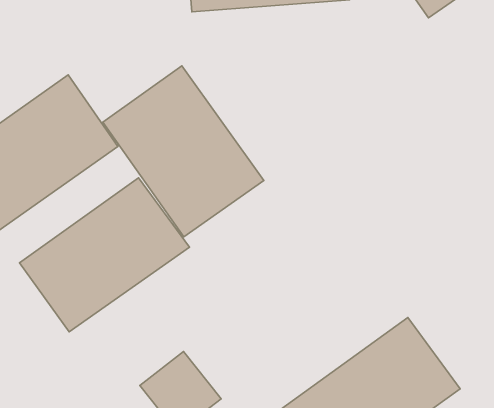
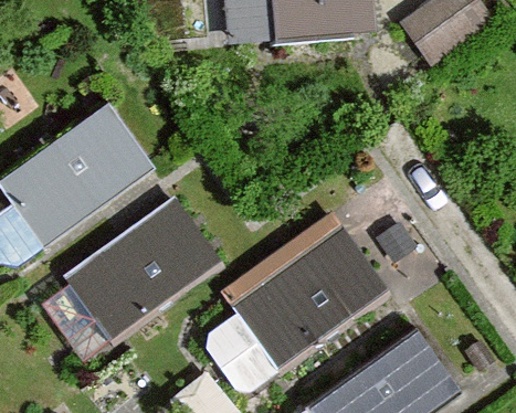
building: [103,66,264,237] -> none
building: none -> [222,214,387,367]

